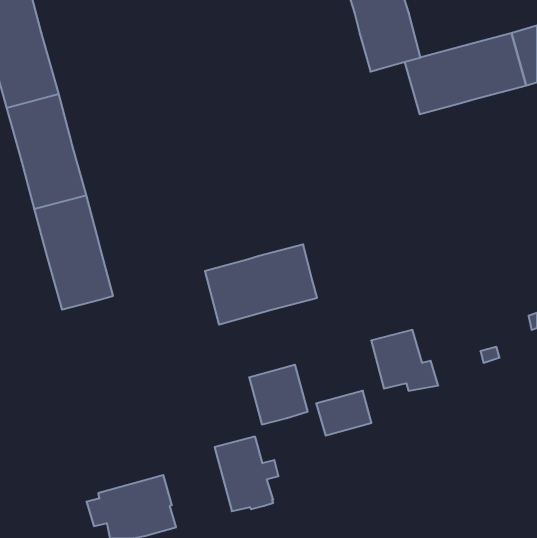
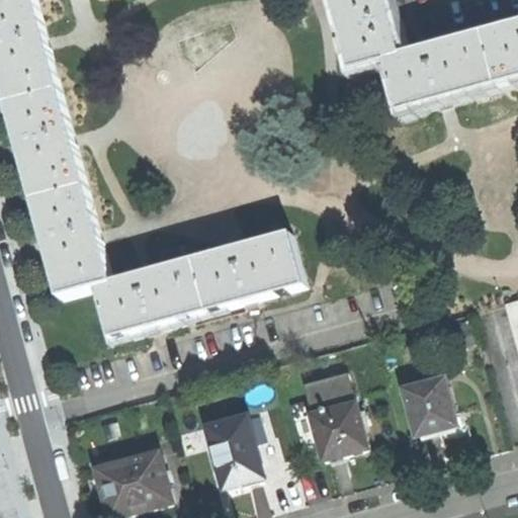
building: none -> [94,257,207,335]
building: [371,330,438,391] -> [401,376,464,434]
building: [249,365,308,424] -> [309,401,364,457]

